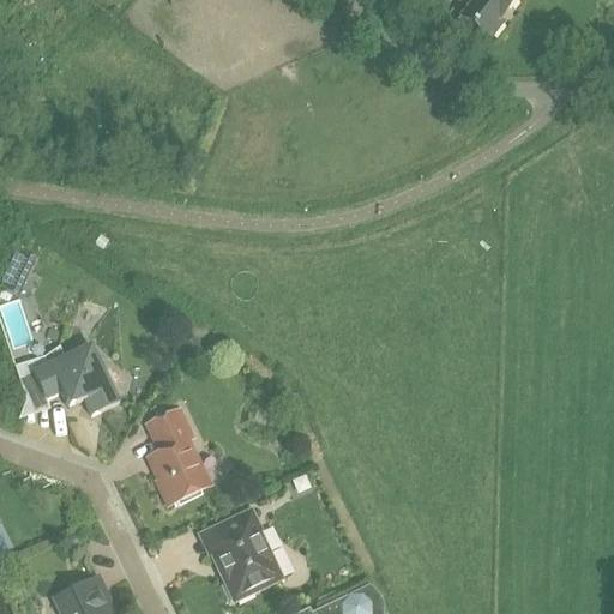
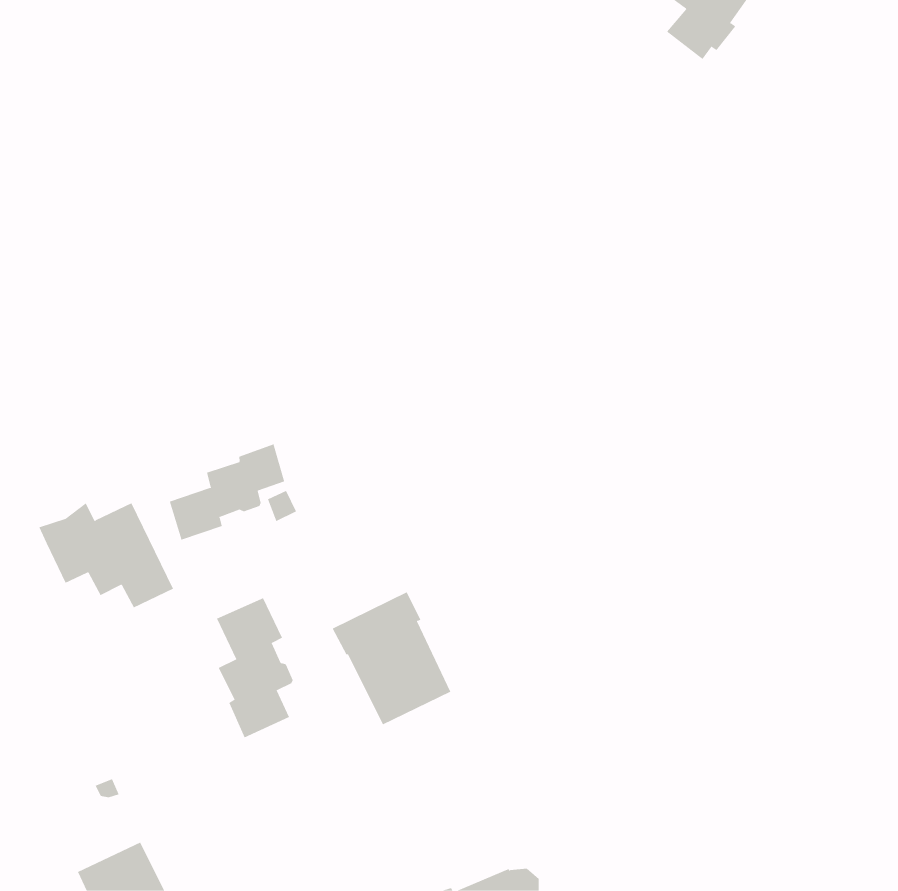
building: none -> [169,443,285,541]
building: [199,508,281,600] -> [332,592,451,725]

